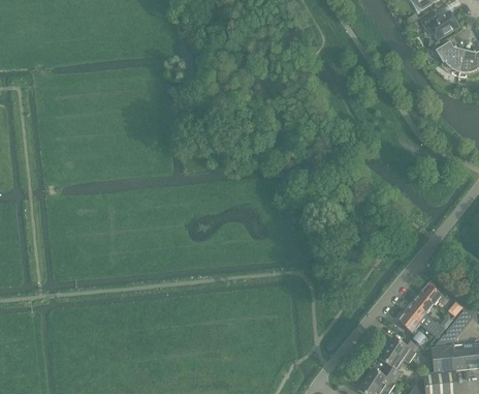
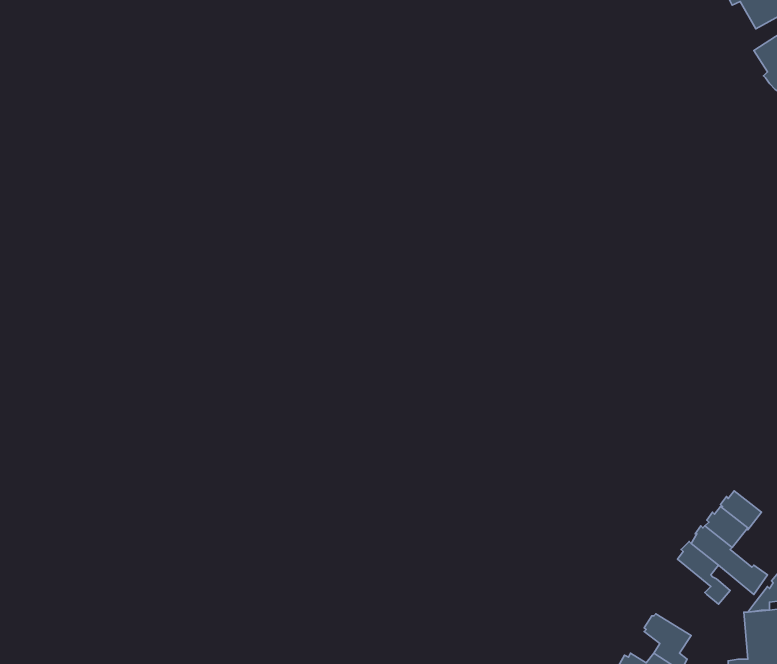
building: [384,336,417,362] -> none

